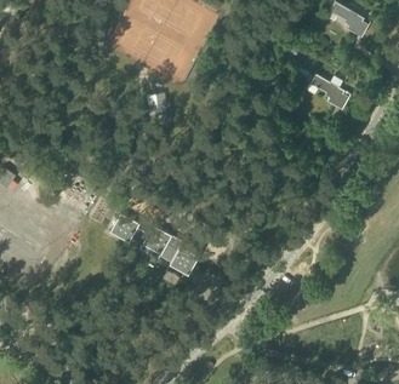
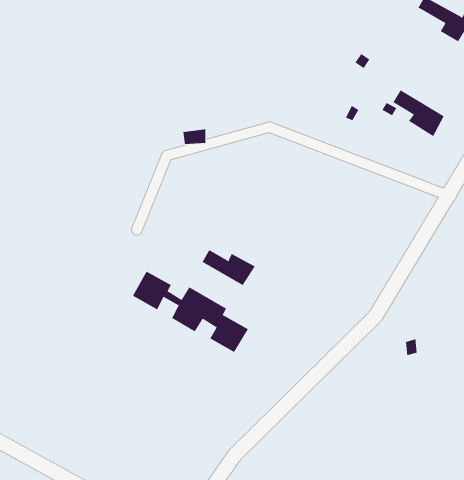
building: none -> [202,249,255,286]

